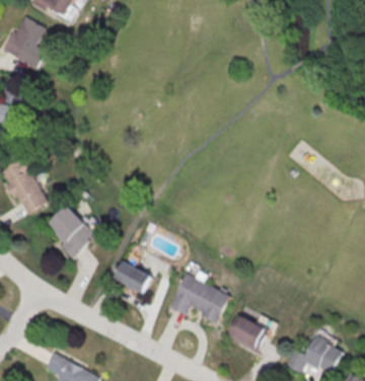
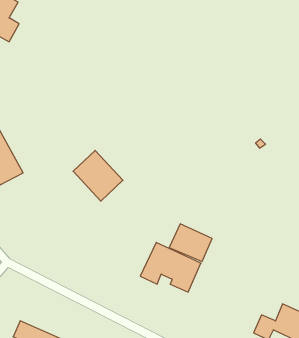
building: [49,204,99,255] -> [73,150,123,201]
building: [116,260,153,293] -> none
building: [227,313,271,352] -> [169,224,212,262]

